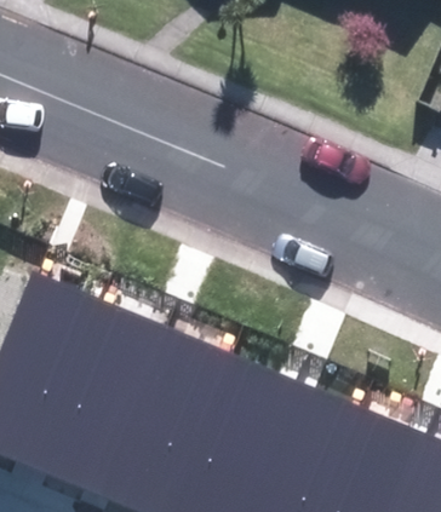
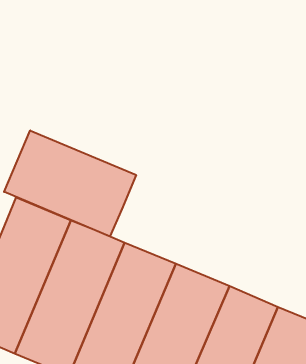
building: none -> [4,130,136,236]

